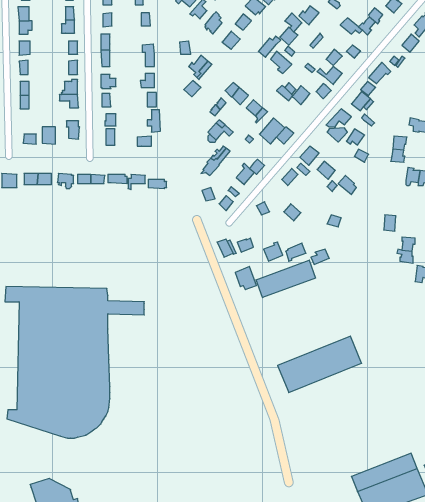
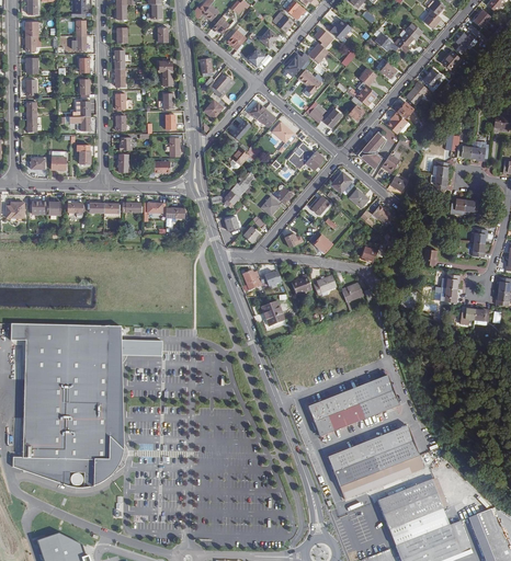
building: [256,260,316,298] -> none
building: none -> [326,427,421,501]
building: none -> [375,477,451,528]

